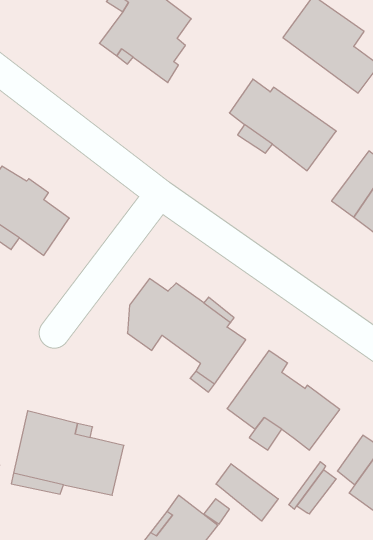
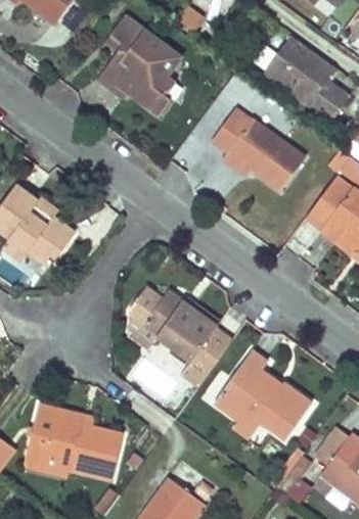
building: [216,464,278,521] -> none

